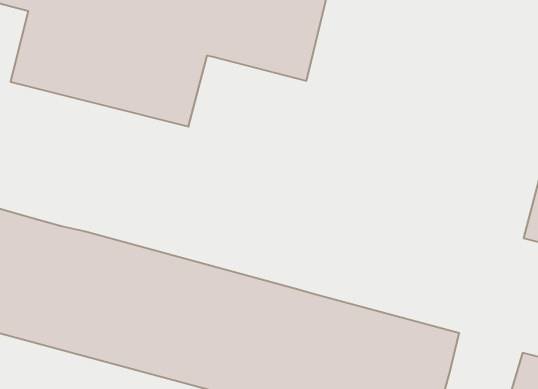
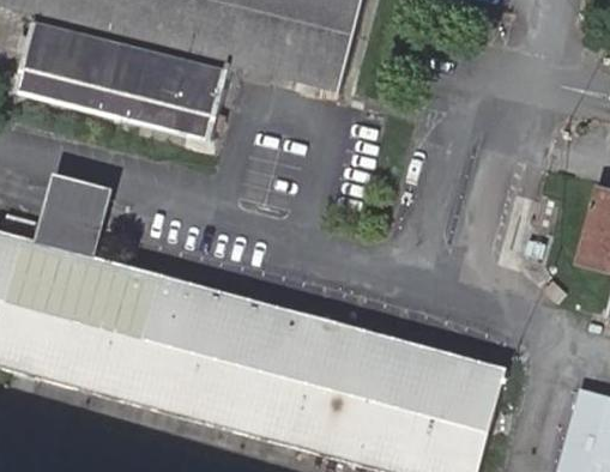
building: none -> [36,171,113,255]

